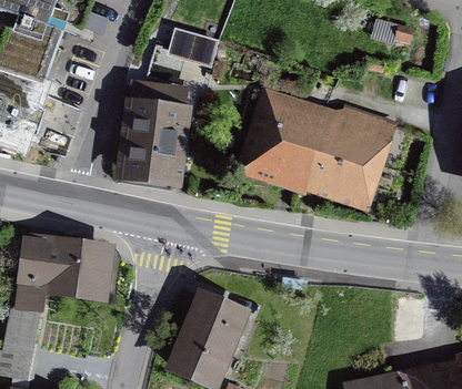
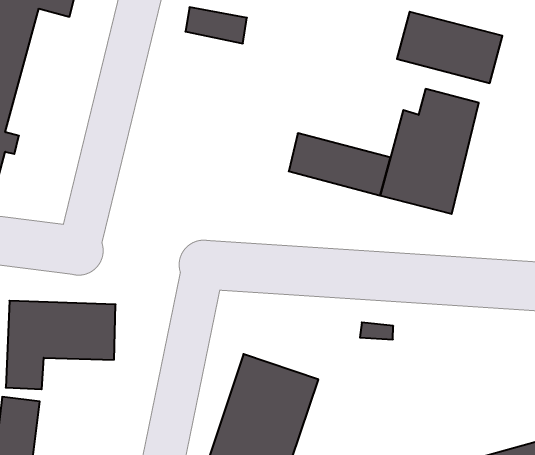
building: [119,85,182,180] -> none
building: [249,96,329,154] -> [397,12,502,83]

